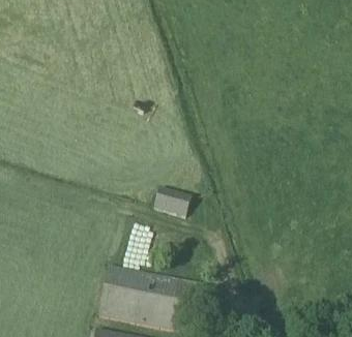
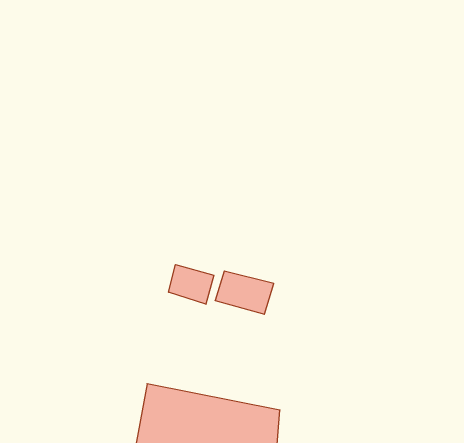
building: none -> [169,265,214,304]

